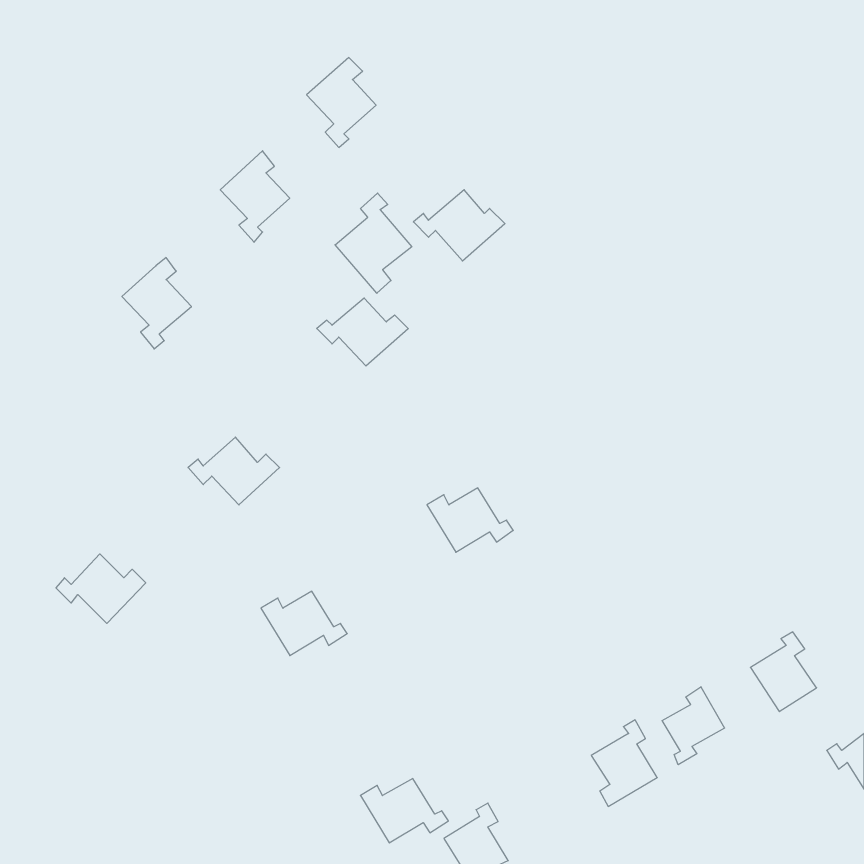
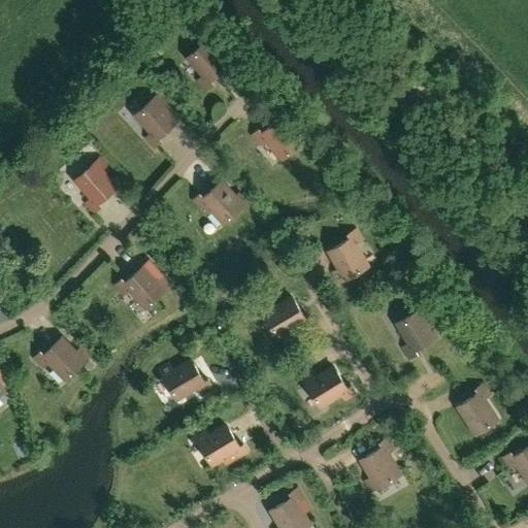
building: [335,193,412,293] -> none
building: none -> [328,231,367,284]
building: none -> [393,302,437,360]
building: none -> [302,368,355,407]
building: [662,687,725,765] -> none
building: [360,779,448,843] -> [194,426,248,465]

